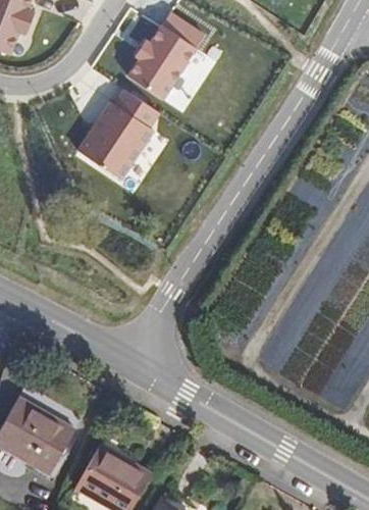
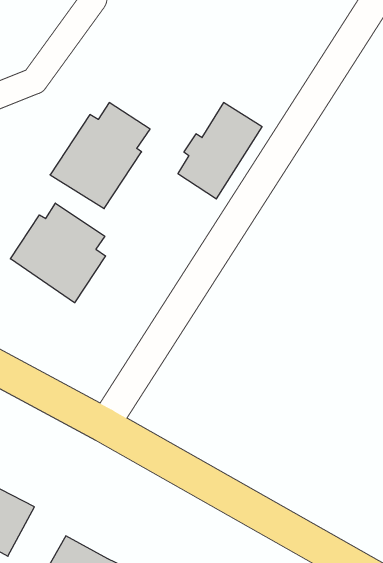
building: [134,13,205,95] -> [178,103,262,199]
building: none -> [10,203,106,303]

